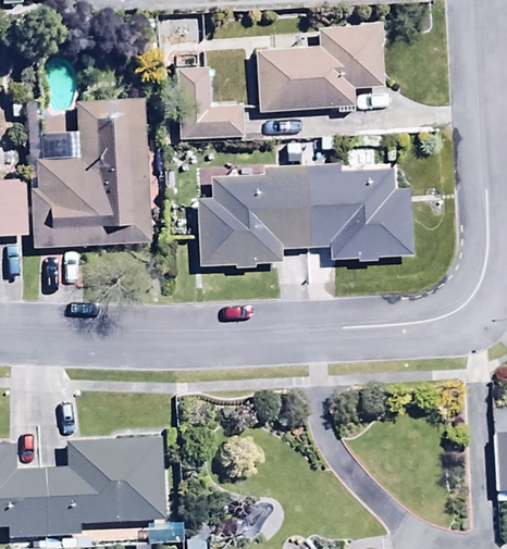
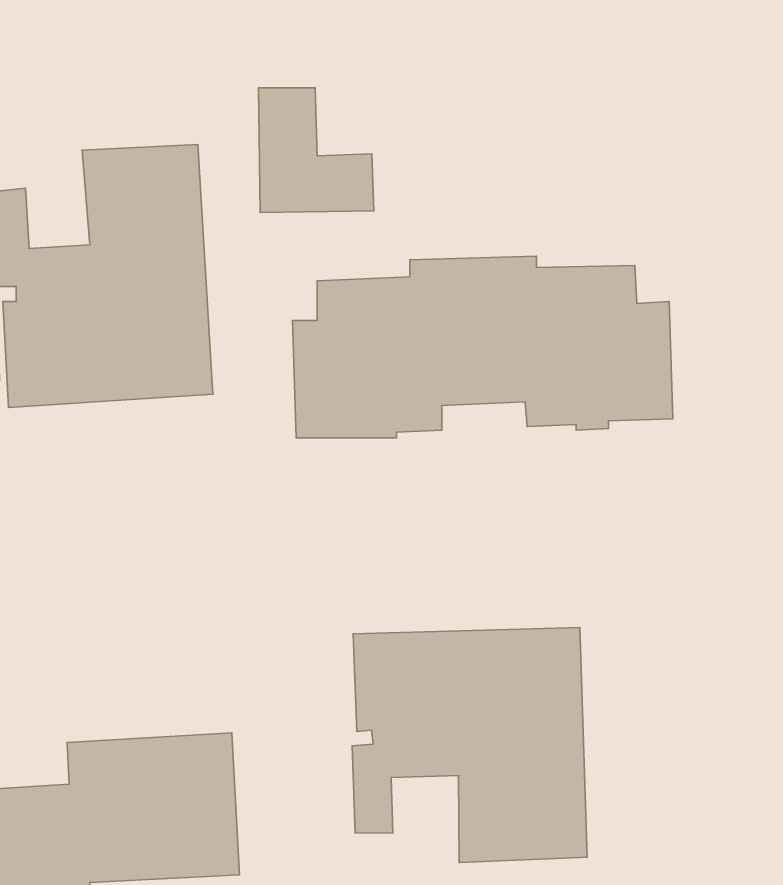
building: [258,26,384,110] -> none
building: none -> [352,627,587,863]

